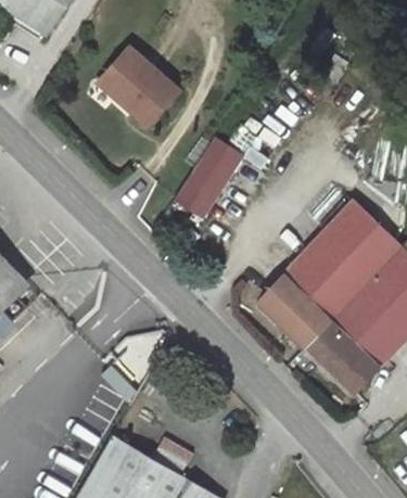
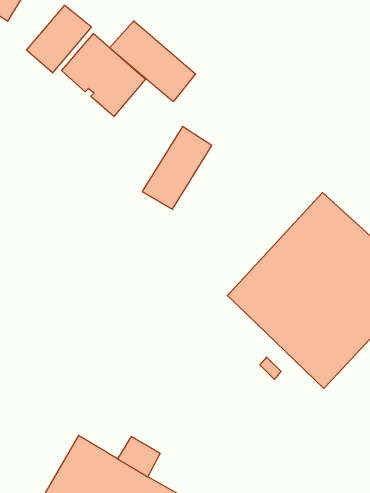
building: none -> [27,5,91,73]
building: none -> [110,21,196,102]

